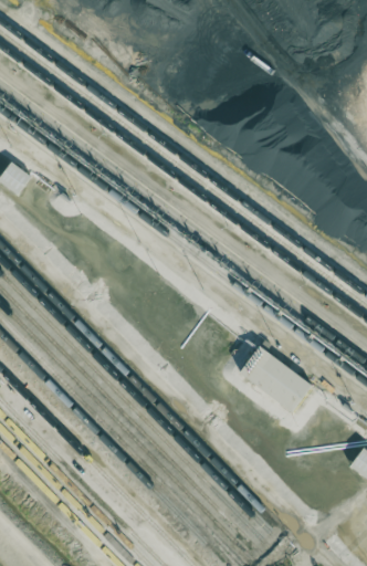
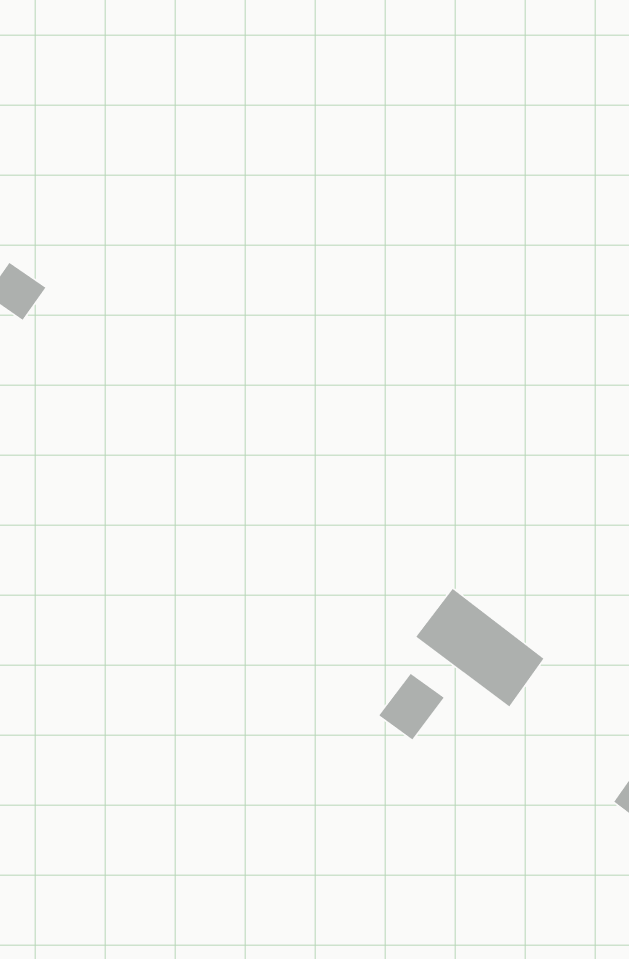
building: none -> [378,673,445,741]

